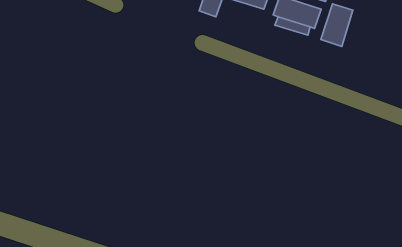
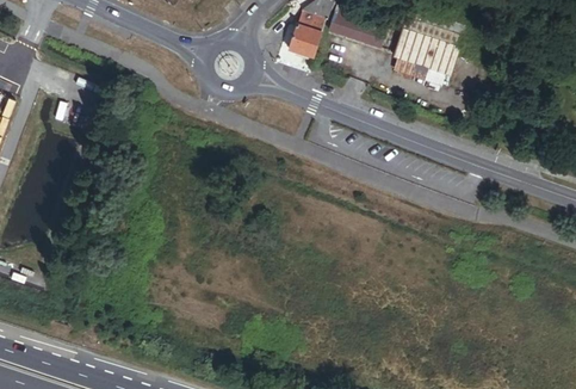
building: [321,4,353,46] -> none

